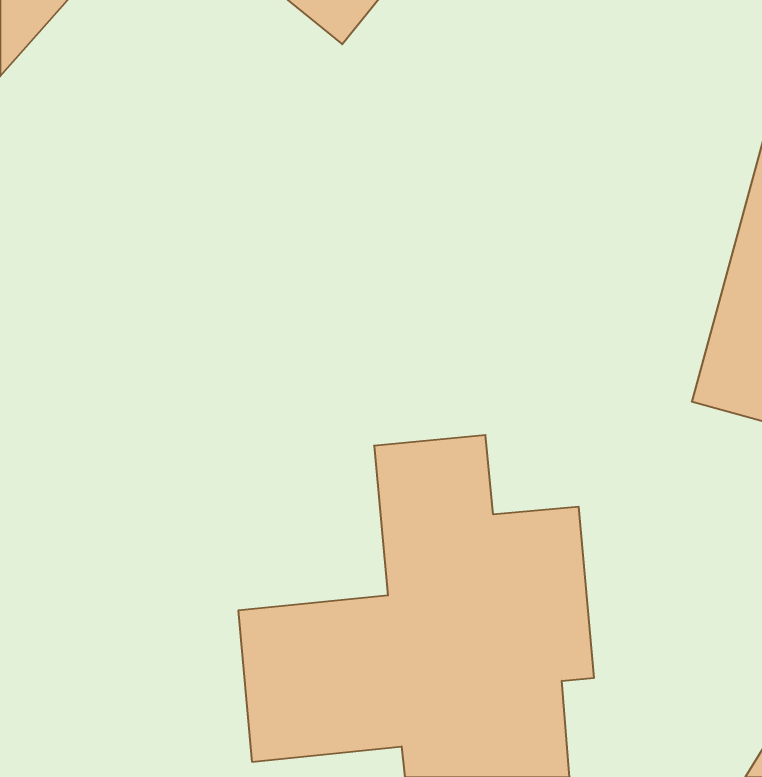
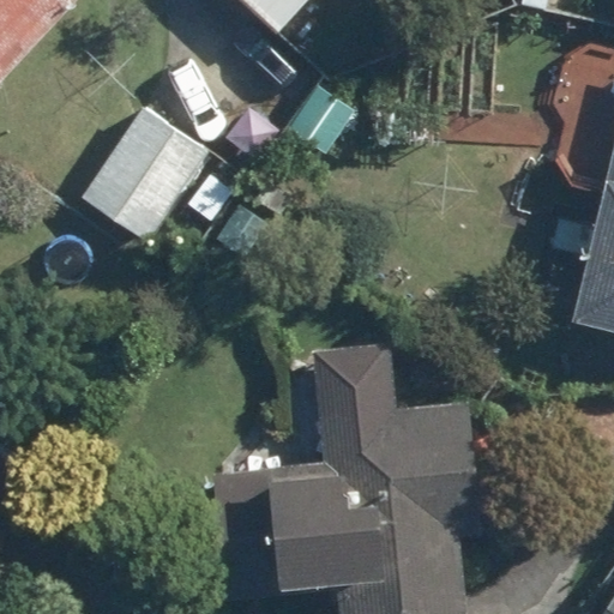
building: none -> [82,106,216,246]

